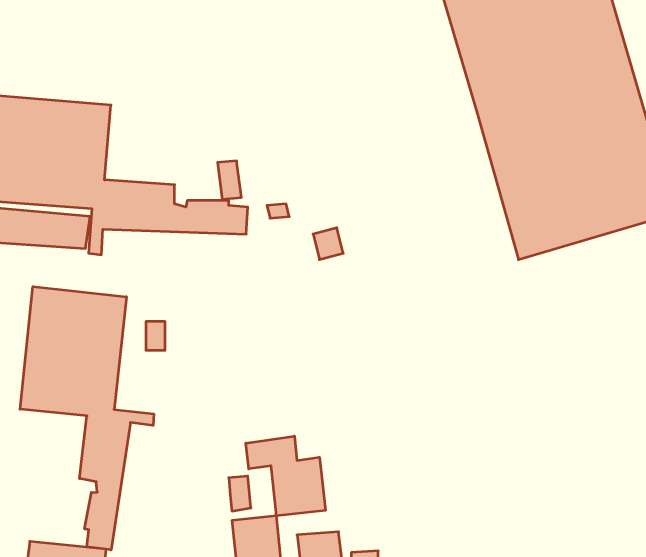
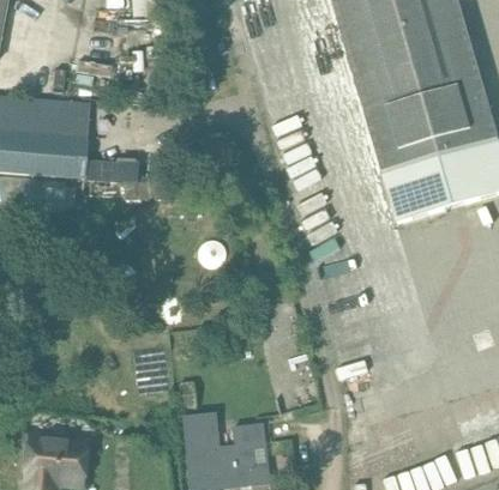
building: [20,287,154,550] -> none
building: [246,436,325,516] -> none

